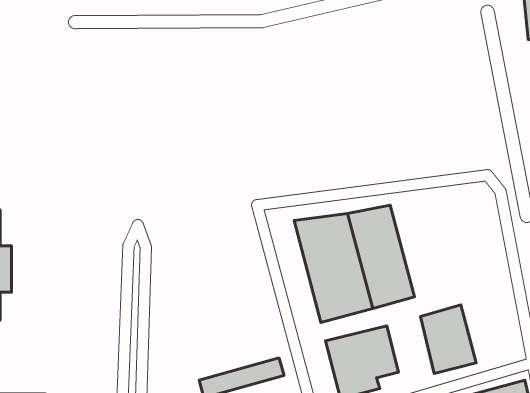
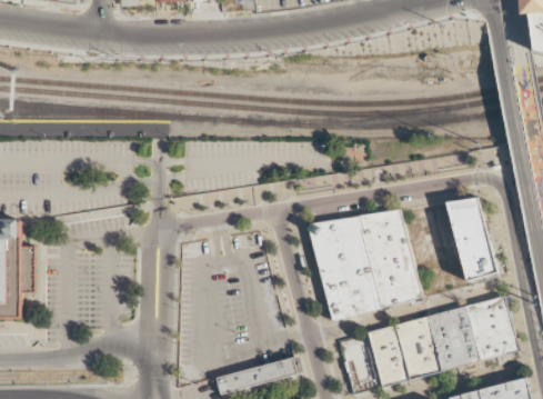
building: none -> [441,197,499,282]
building: none -> [466,295,520,360]
building: none -> [395,316,441,379]

